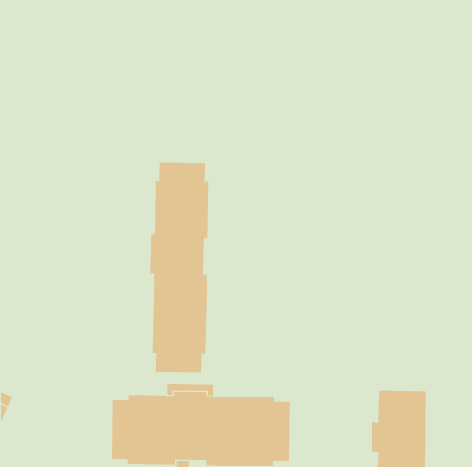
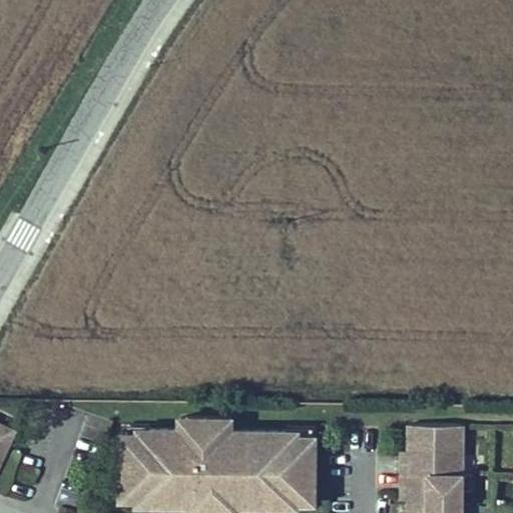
building: [150,162,209,373] -> none

